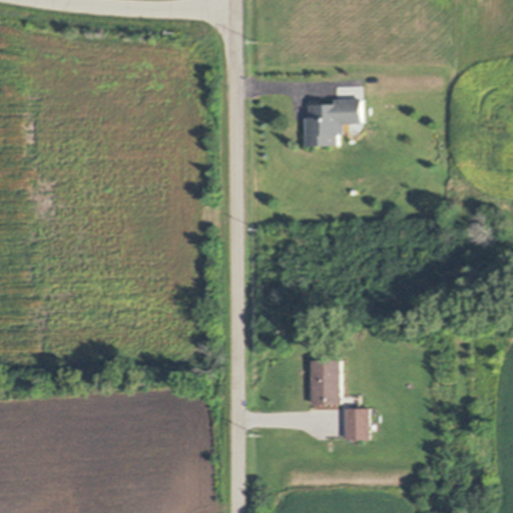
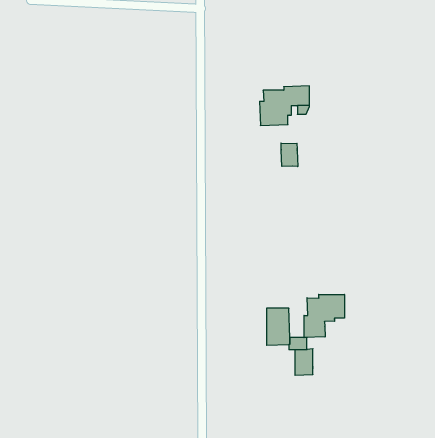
building: none -> [281,143,298,167]
building: none -> [304,294,344,338]

